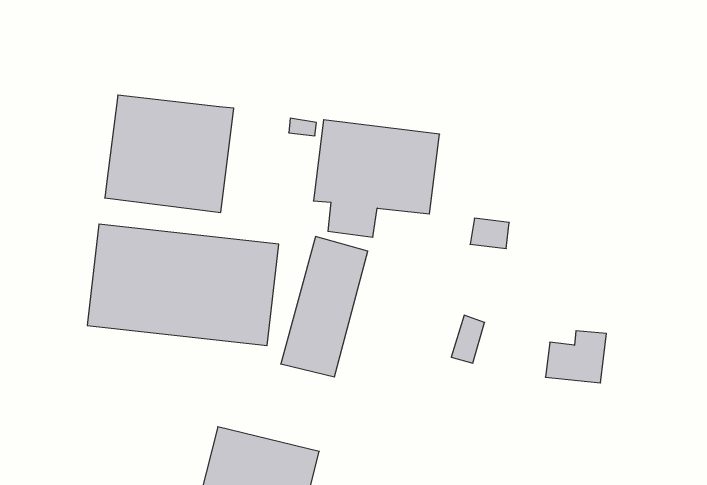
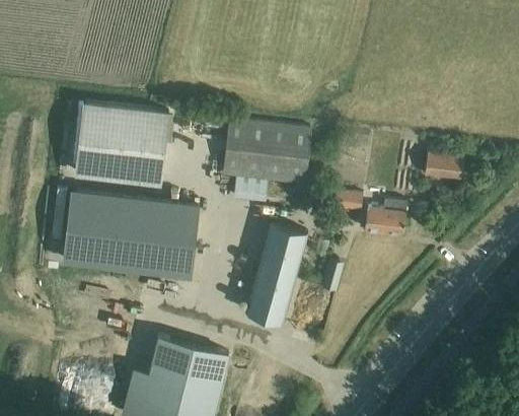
building: none -> [427,153,466,181]
building: [281,237,368,377] -> [245,224,306,323]
building: [545,331,606,383] -> [366,199,409,235]

